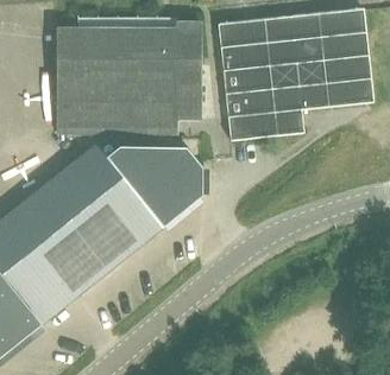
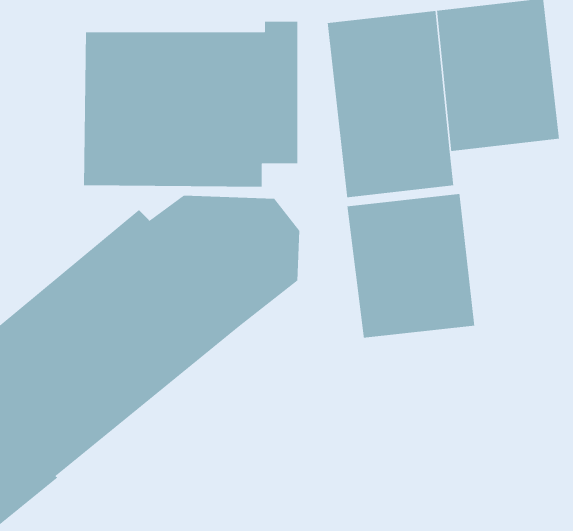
building: none -> [346,193,475,338]

